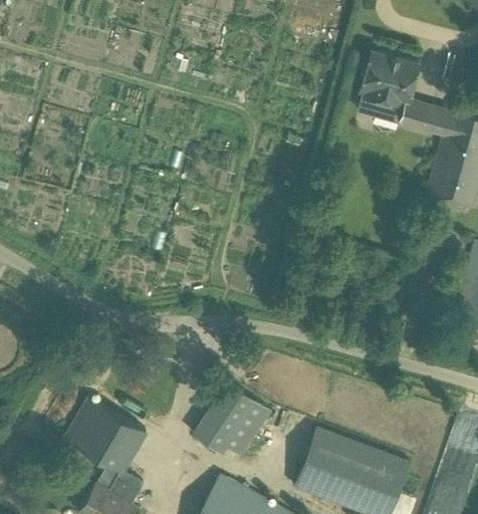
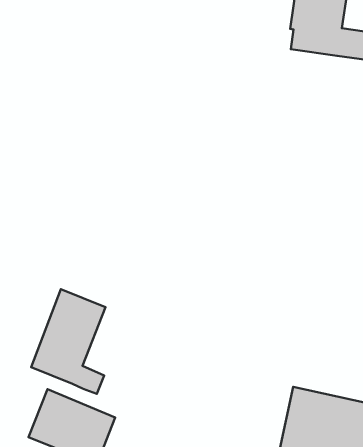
building: none -> [31,289,106,394]
building: [192,383,270,457] -> none

